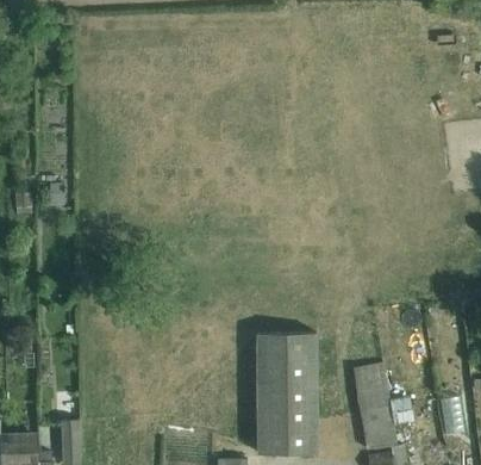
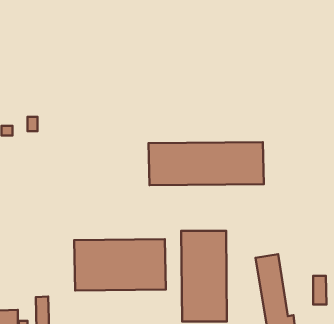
building: none -> [149,142,264,185]
building: none -> [74,239,166,291]

